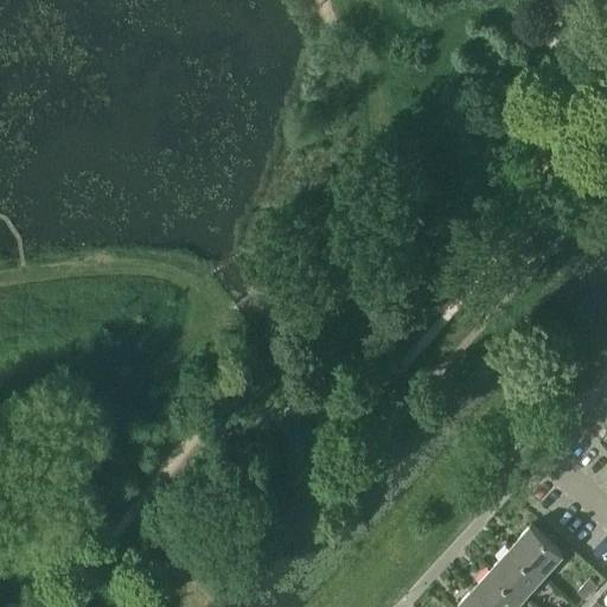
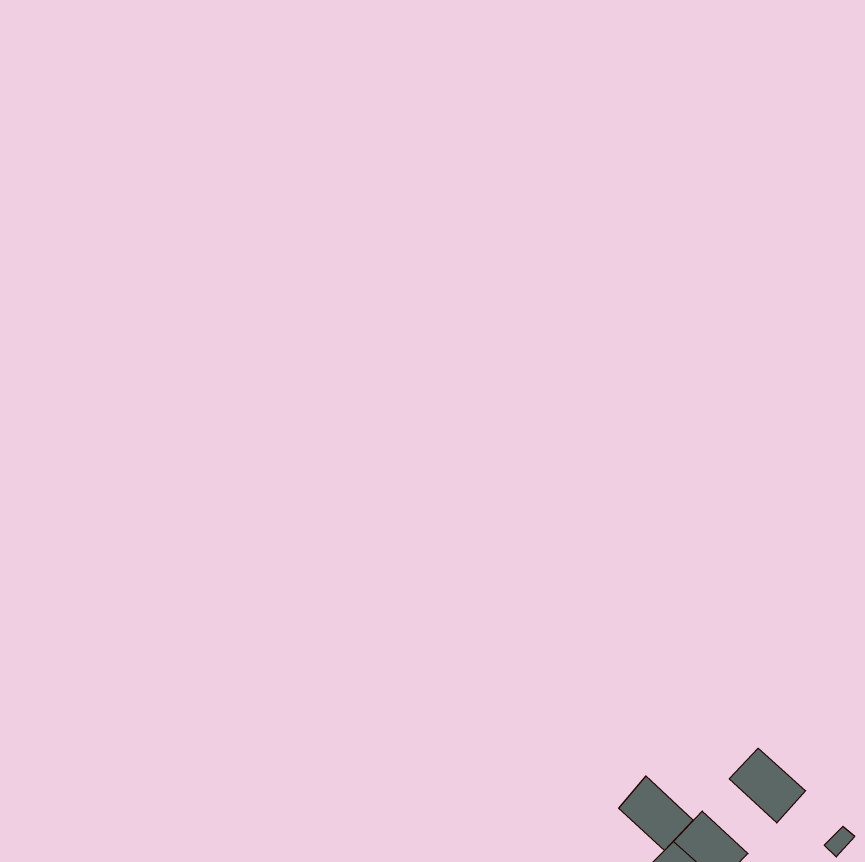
building: [492,548,544,600] -> [619,776,693,851]

